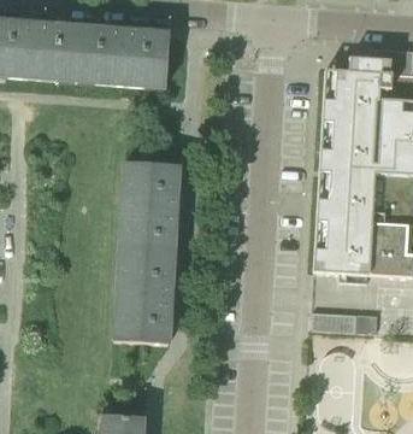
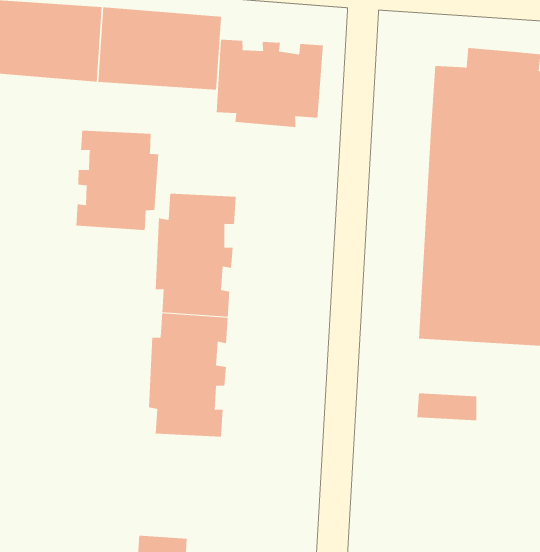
building: none -> [216,39,324,128]
building: none -> [76,130,159,231]

